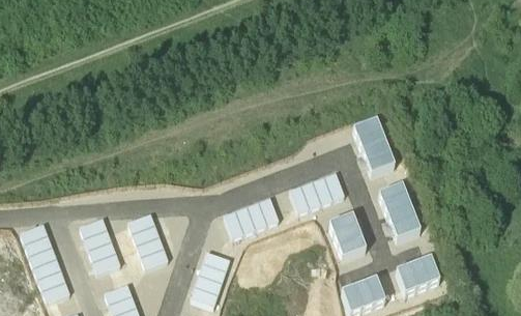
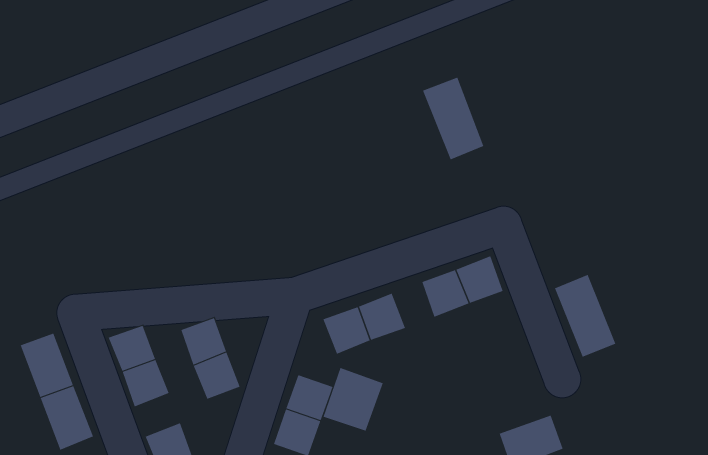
building: [353,120,395,176] -> [422,77,484,160]
building: [329,216,366,260] -> none
building: none -> [323,367,383,431]
building: [397,258,440,295] -> none

